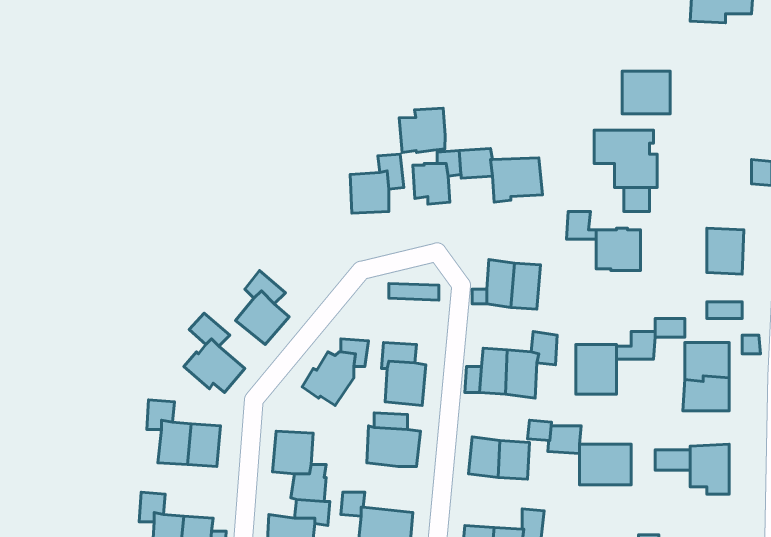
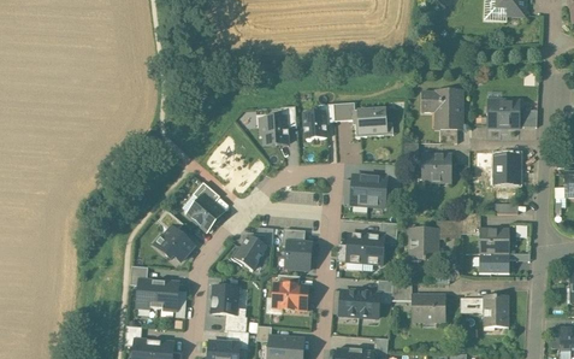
building: [622,71,670,114] -> [487,100,519,128]
building: [399,108,445,152] -> none

